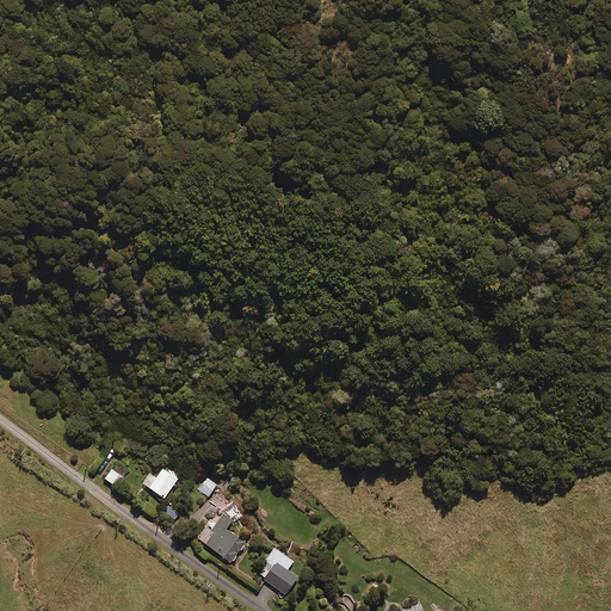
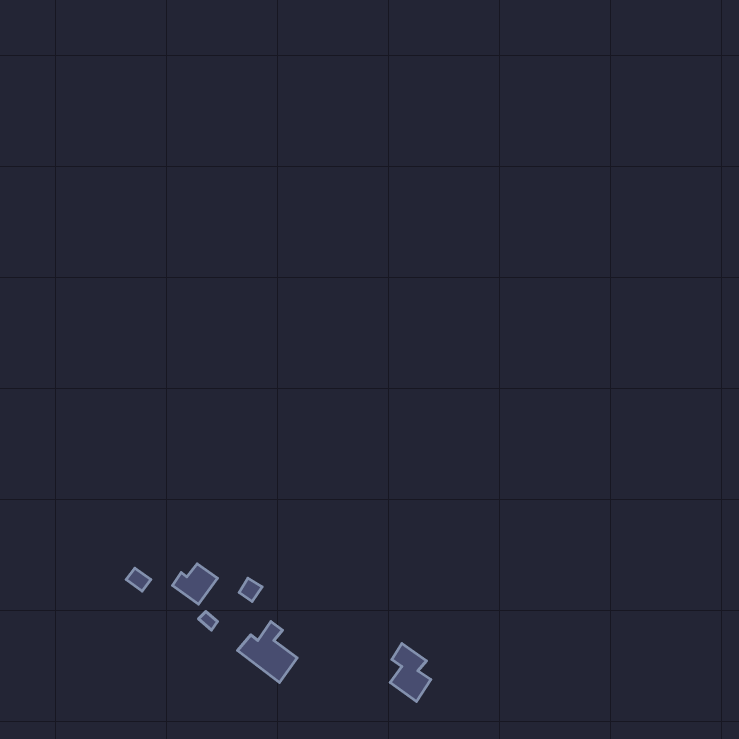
building: [264,547,297,594] -> [390,643,431,701]

